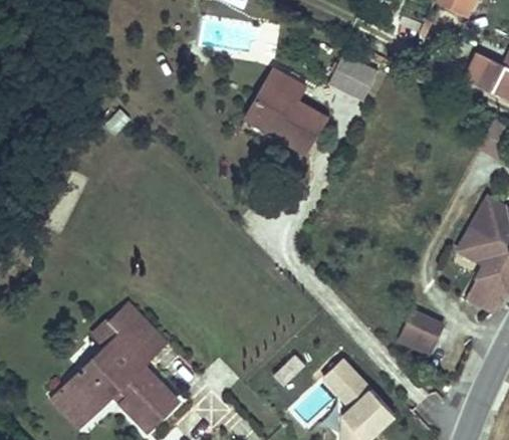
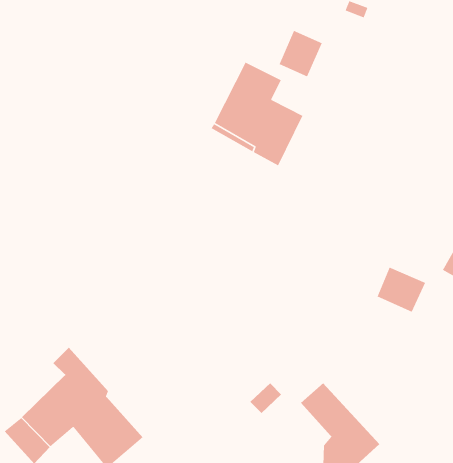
building: [334,50,375,94] -> [278,30,323,77]
building: [398,303,444,347] -> [376,266,426,313]
building: [108,307,166,365] -> none

